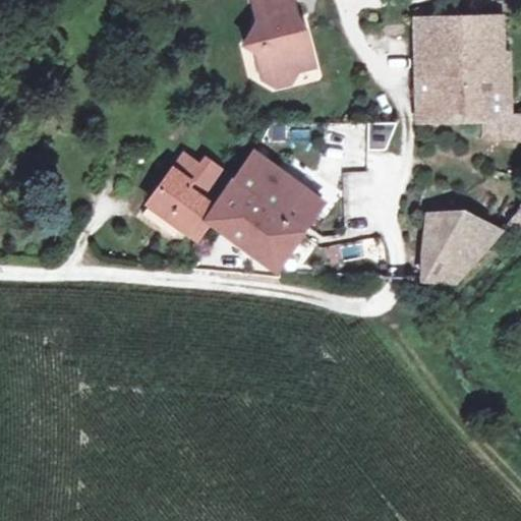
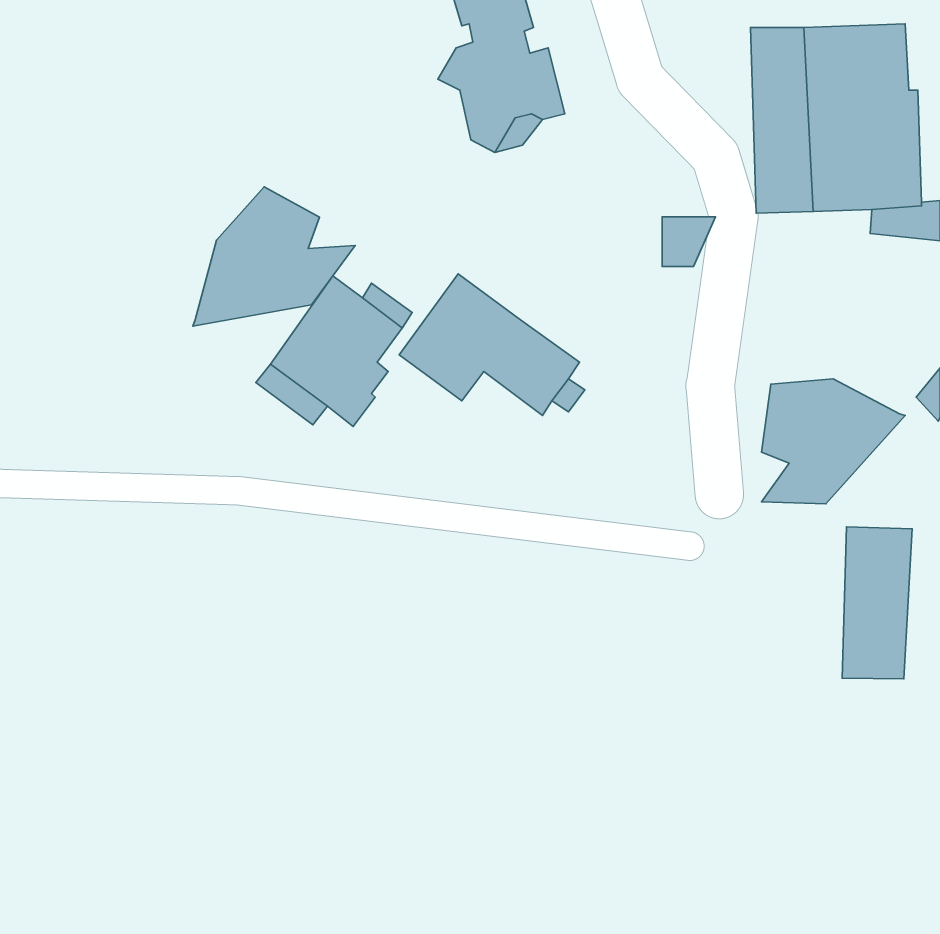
building: none -> [193,187,355,326]
building: [206,196,300,268] -> none
building: none -> [842,527,912,679]

